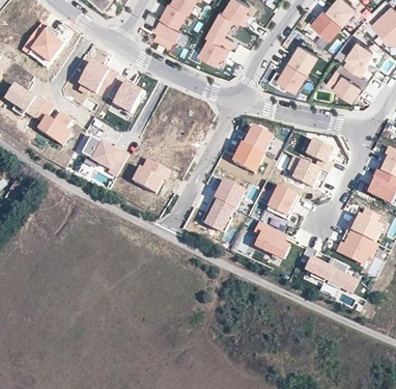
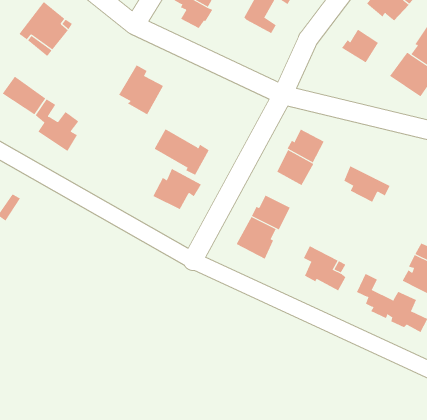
building: [199,37,229,64] -> none
building: [74,60,107,94] -> none
building: [268,60,307,90] -> none
building: [82,137,128,175] -> [154,129,210,176]
building: [306,140,333,173] -> none
building: [266,187,300,221] -> none

